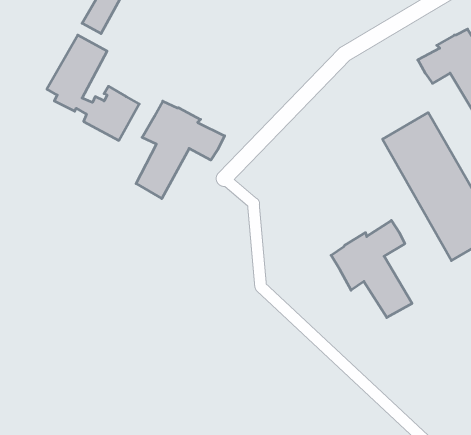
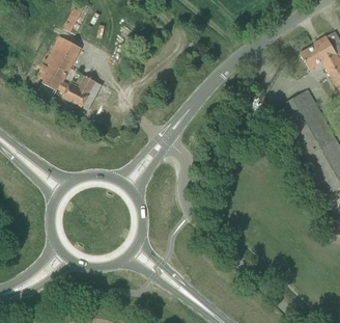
building: [136,101,225,199] -> none
building: [331,220,412,318] -> none

